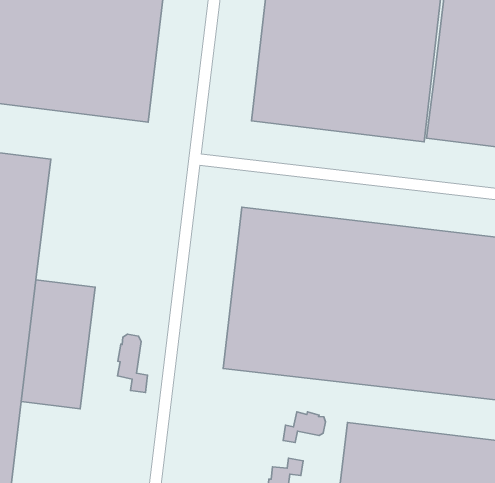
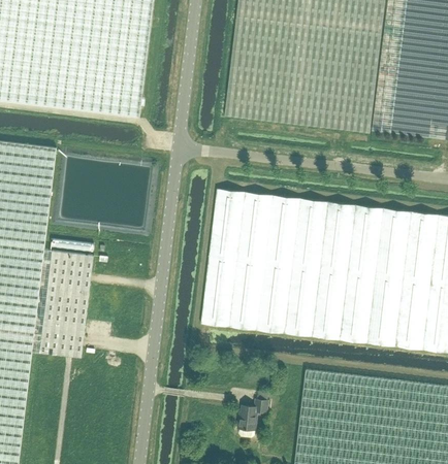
building: [118,334,148,392] -> none
building: [283,412,325,442] -> none

